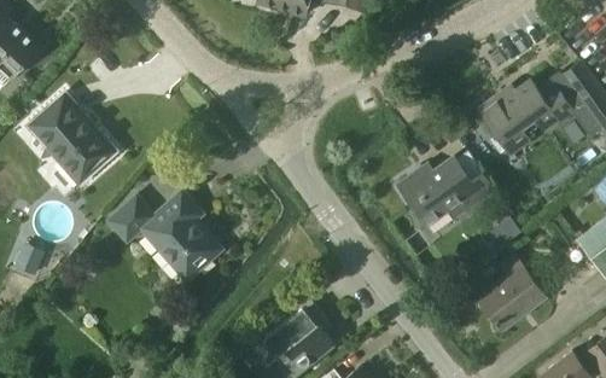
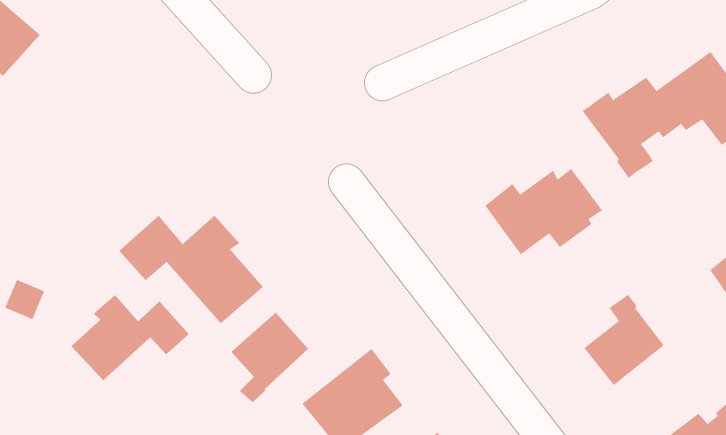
building: [29,94,115,181] -> none
building: none -> [70,294,190,381]
building: none -> [231,312,309,403]

